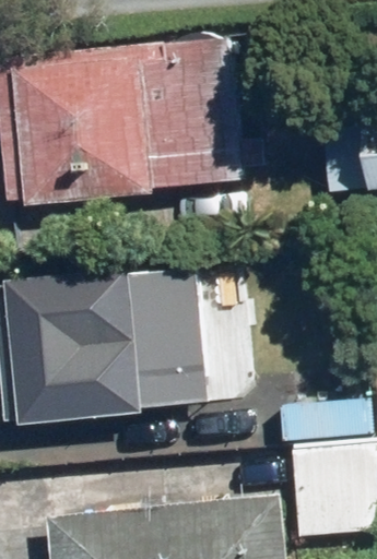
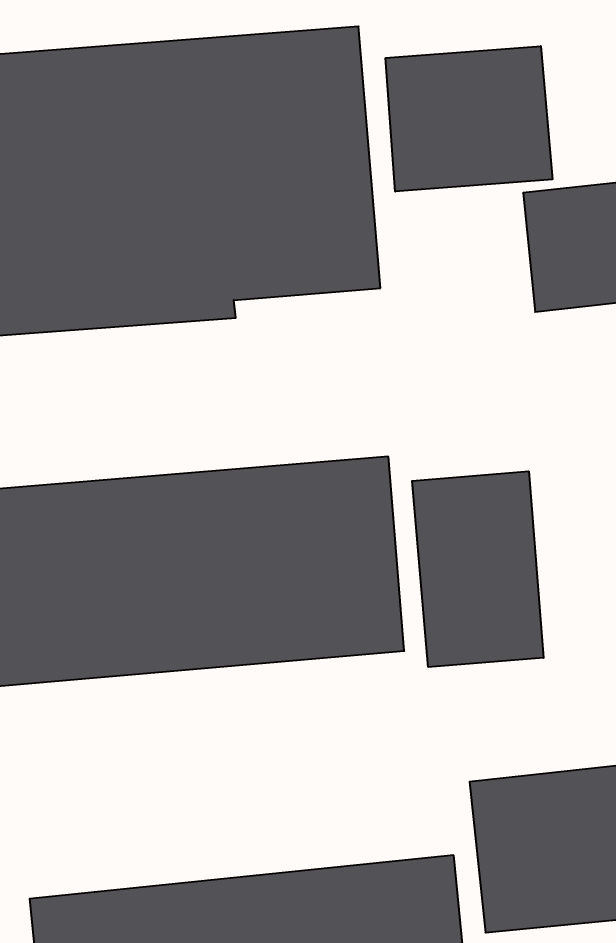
building: none -> [386,46,552,192]
building: none -> [412,471,544,667]

